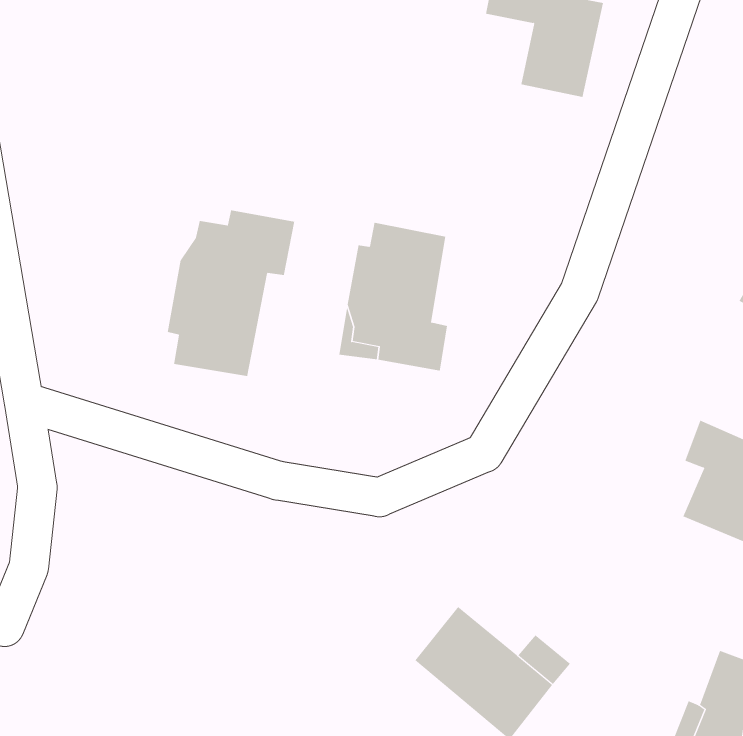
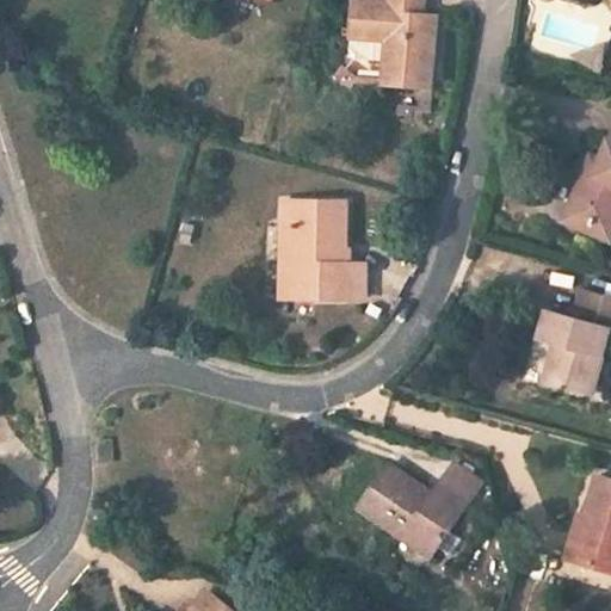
building: [167,210,295,377] -> none

